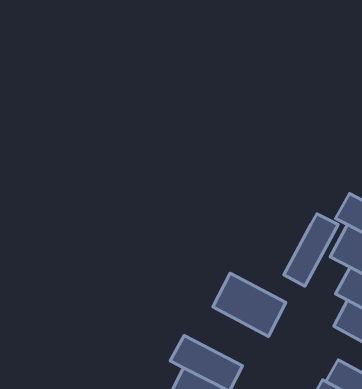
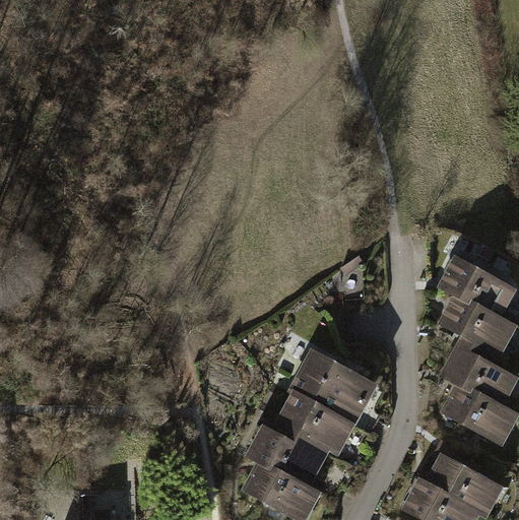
building: [284,214,338,286] -> none
building: none -> [273,389,360,462]

